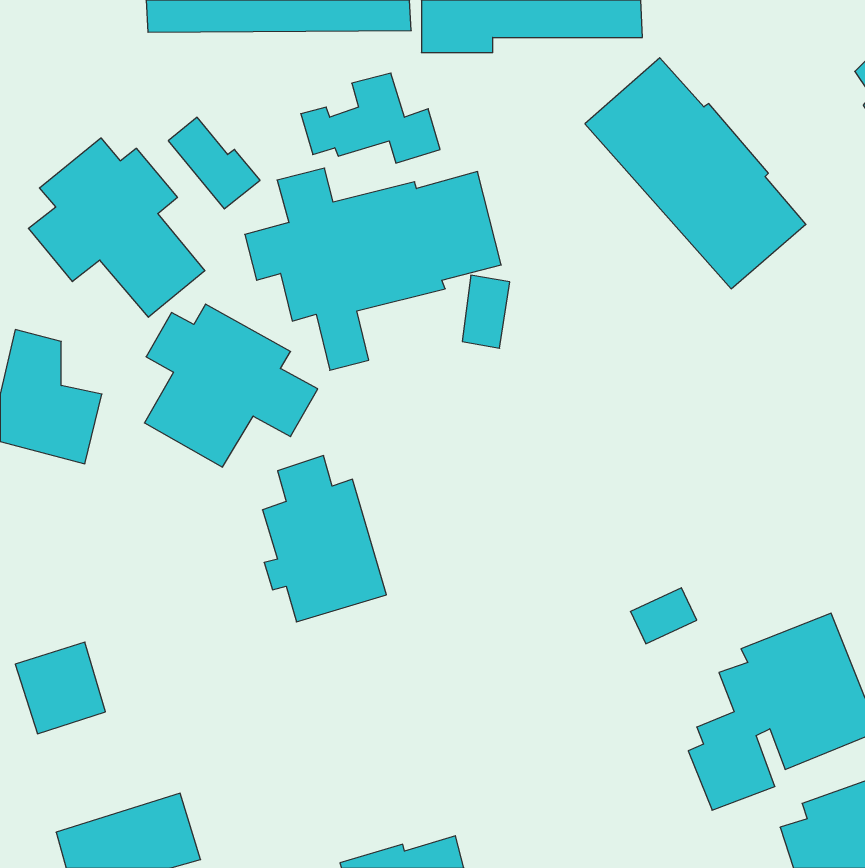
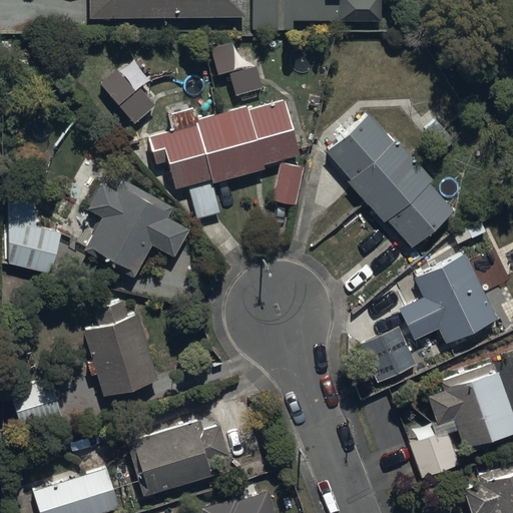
building: [585,58,806,289] -> [324,113,454,249]
building: [28,138,205,317] -> none
building: none -> [399,252,496,344]
building: [262,456,386,622] -> [85,298,158,396]
building: none -> [130,420,227,497]

